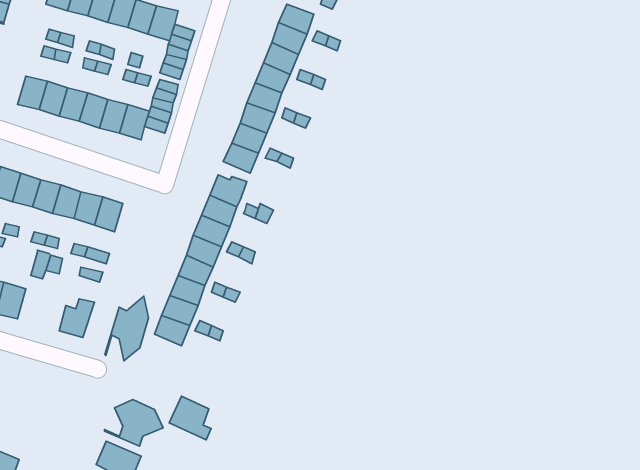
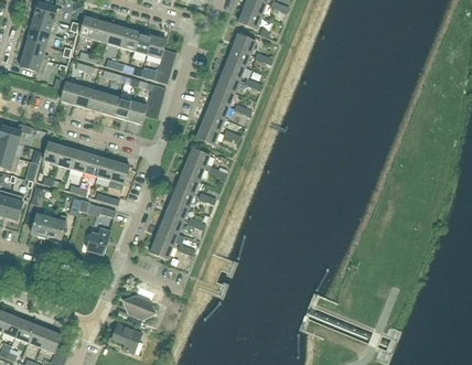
building: [105,296,148,361] -> none
building: [169,396,211,440] -> none

